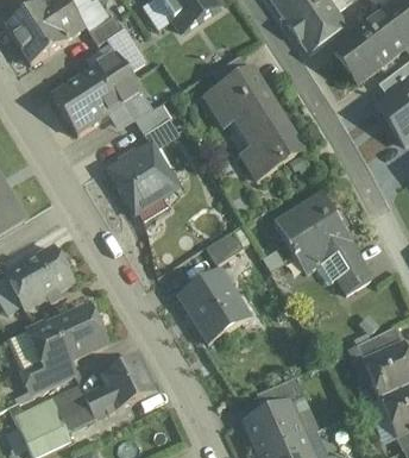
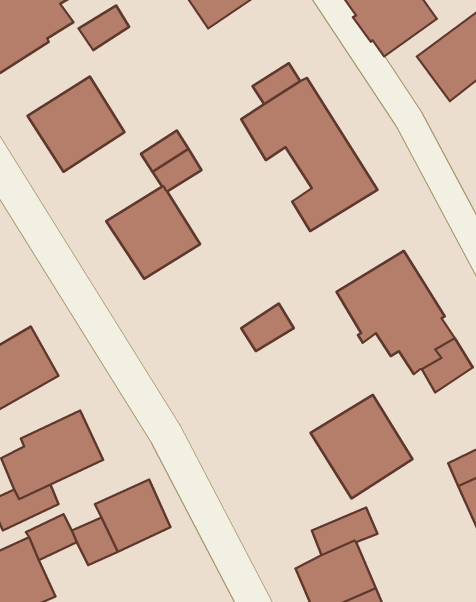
building: [96,52,143,106] -> none
building: [177,268,251,343] -> [311,395,412,499]

